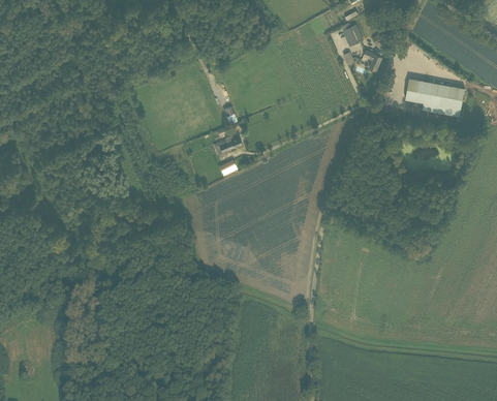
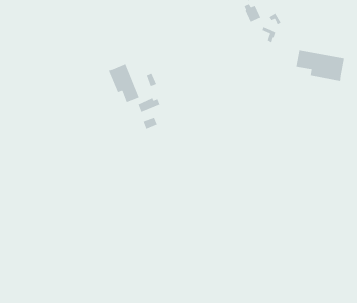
building: none -> [108,63,140,103]

